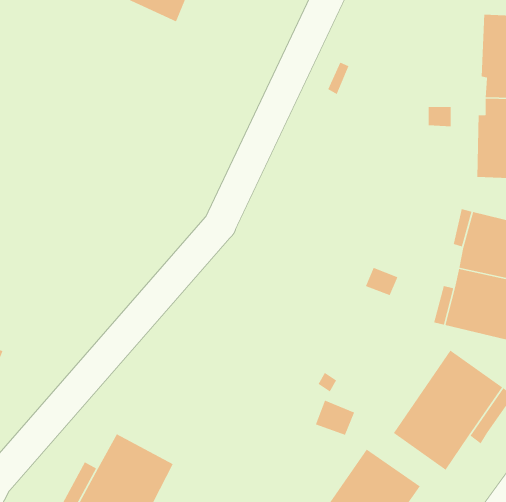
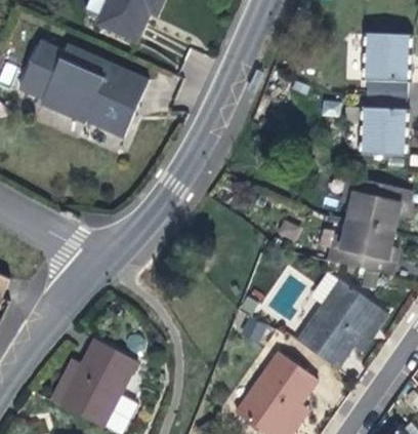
building: none -> [20,40,149,134]

